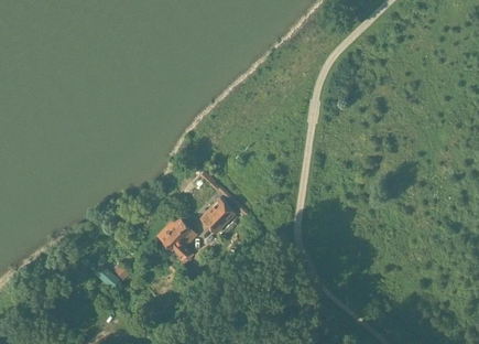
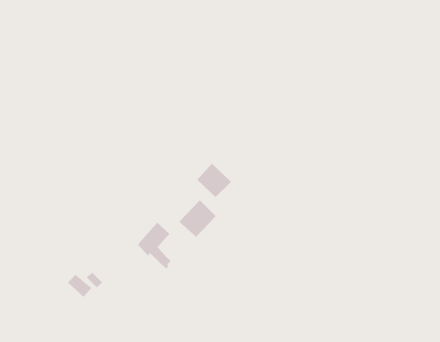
building: none -> [197,163,232,198]

